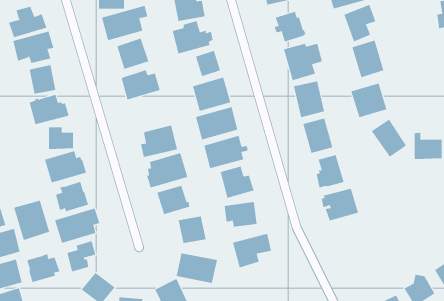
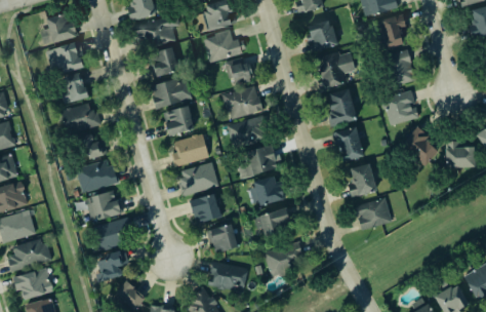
building: none -> [163,106,195,135]
building: [13,200,50,241] -> none
building: [26,253,60,283] -> none

